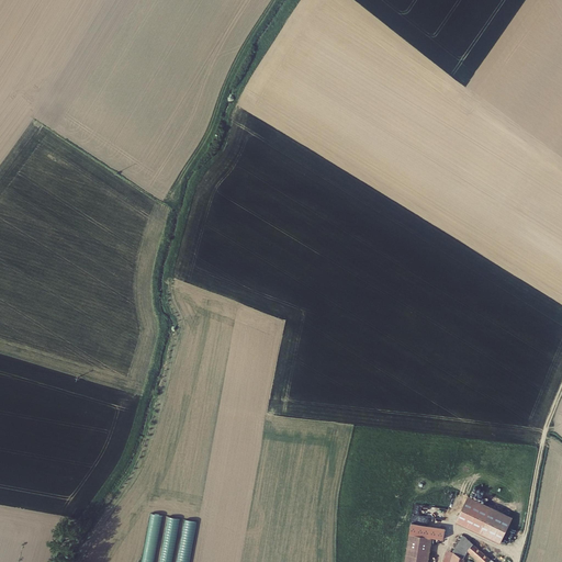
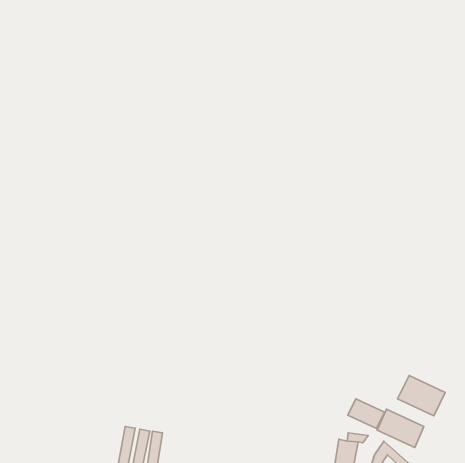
building: none -> [398,376,445,416]
building: none -> [348,399,385,429]

